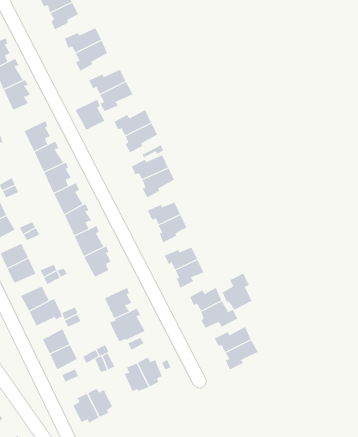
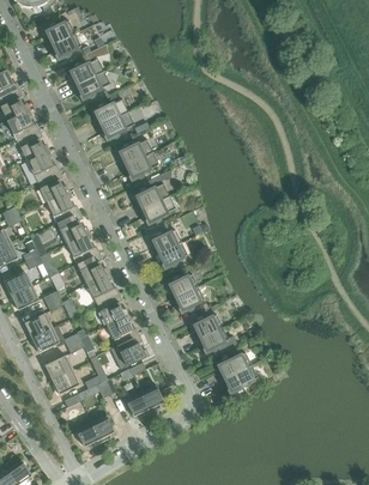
building: [75,99,105,130] -> [16,129,46,160]
building: none -> [96,293,126,325]
building: [222,273,252,310] -> none

